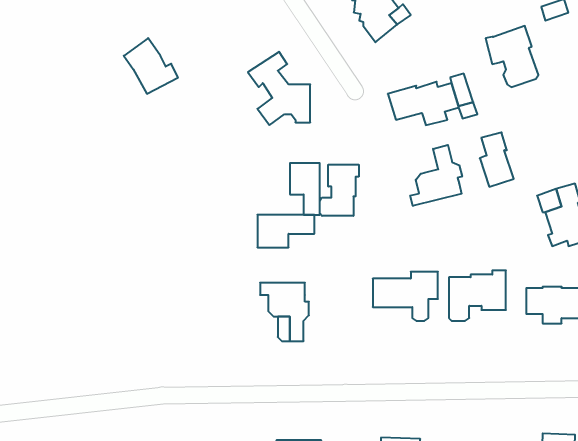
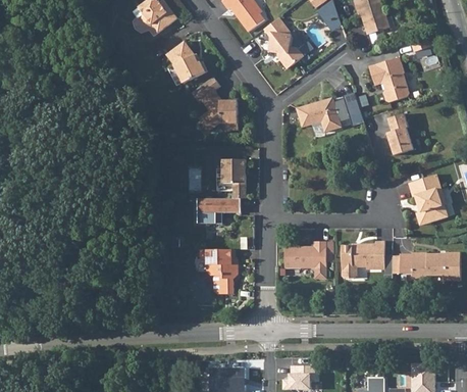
building: [124,38,178,94] -> [166,42,207,84]
building: [480,132,514,187] -> [386,114,412,155]
building: [410,145,462,206] -> none
building: [320,165,359,216] -> none

